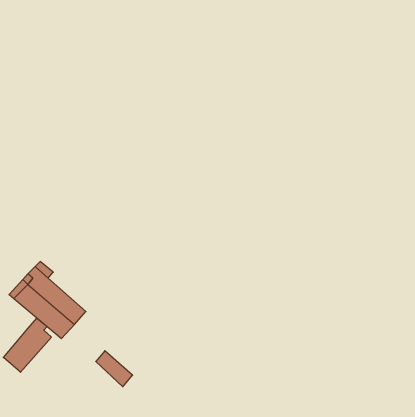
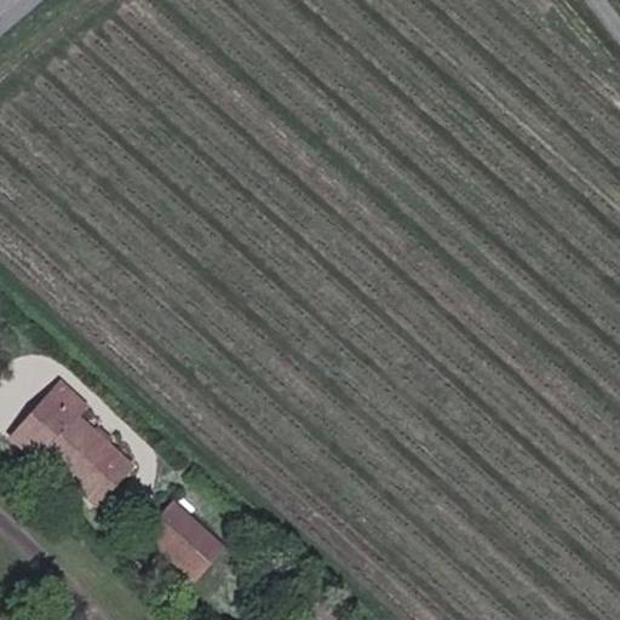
building: [3,318,51,372] -> none
building: none -> [160,501,218,556]

